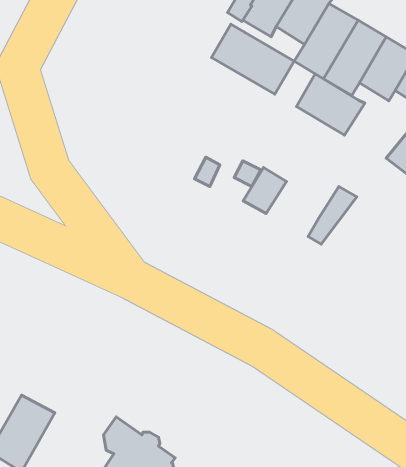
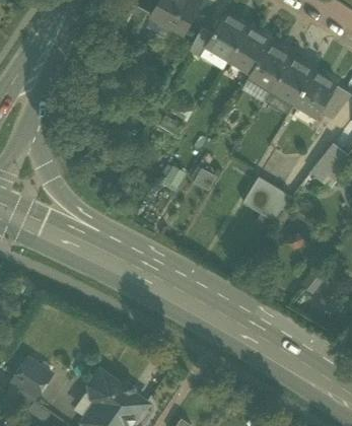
building: [211,24,294,94] -> none
building: [297,74,365,135] -> none
building: [243,167,287,214] -> [242,177,277,214]

